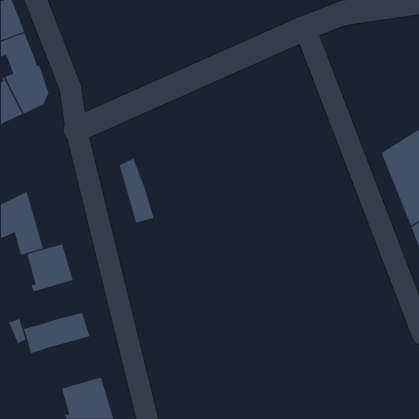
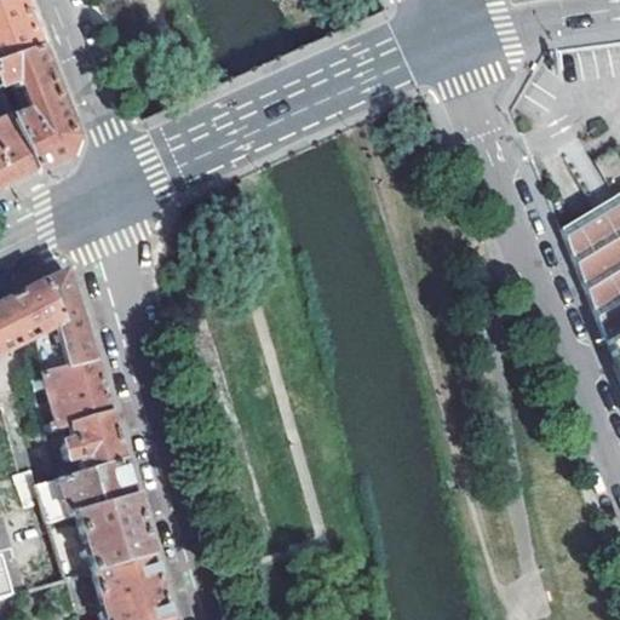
building: [119,158,154,223] -> [45,269,97,364]
building: none -> [62,411,126,469]
building: none -> [76,493,154,569]

